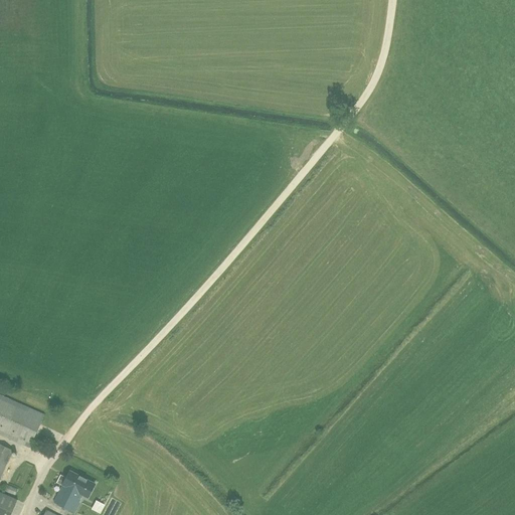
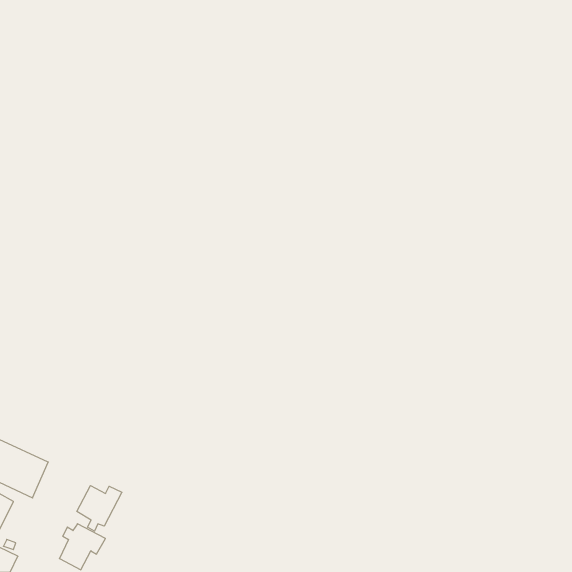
building: none -> [77,486,122,531]

